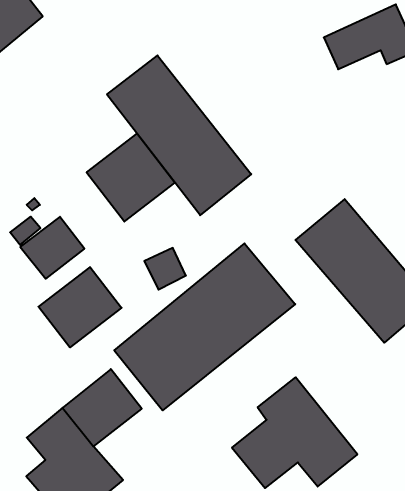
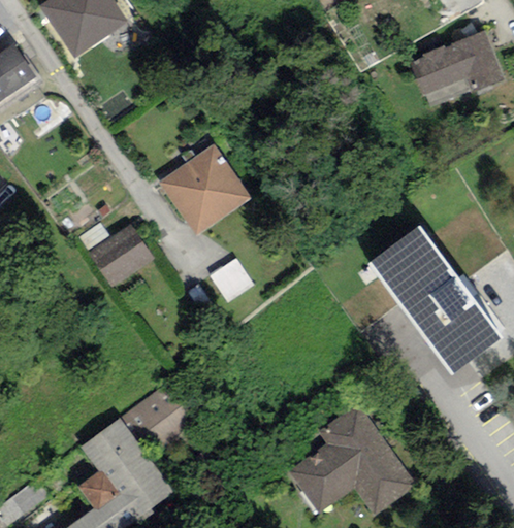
building: [107,55,251,215] -> none
building: [114,243,295,410] -> none
building: [38,267,122,347] -> none

